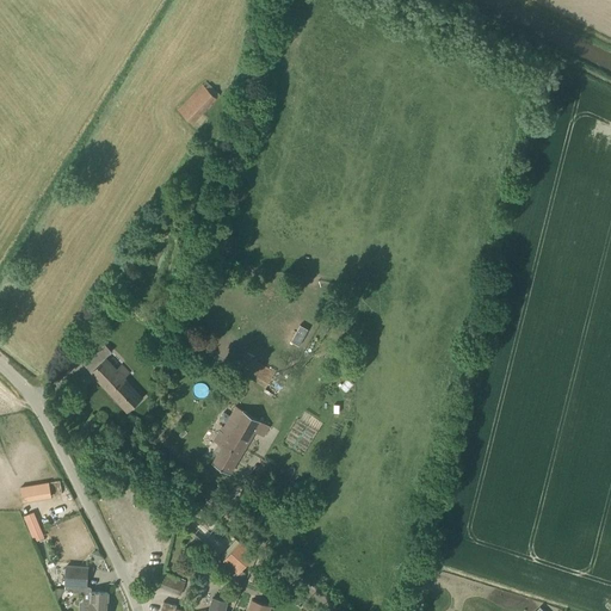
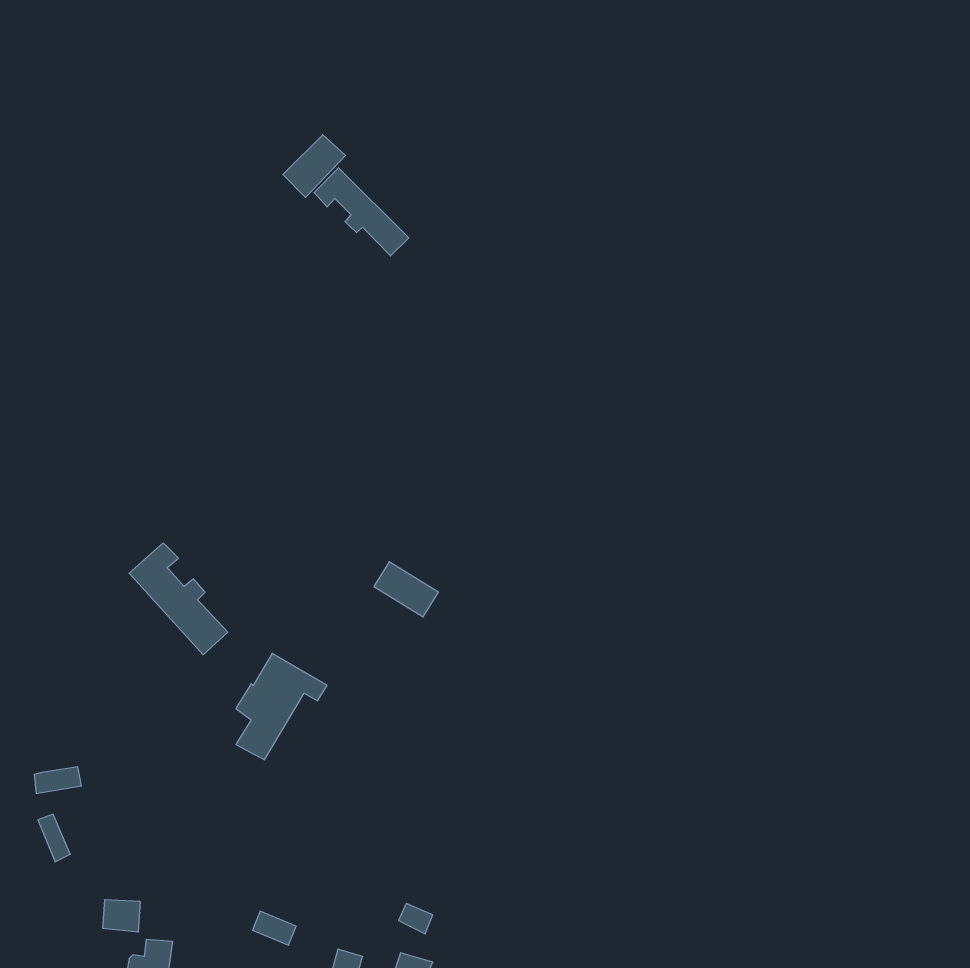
building: none -> [314,168,409,256]
building: [212,407,270,474] -> [236,653,327,760]
building: [221,541,254,582] -> none

